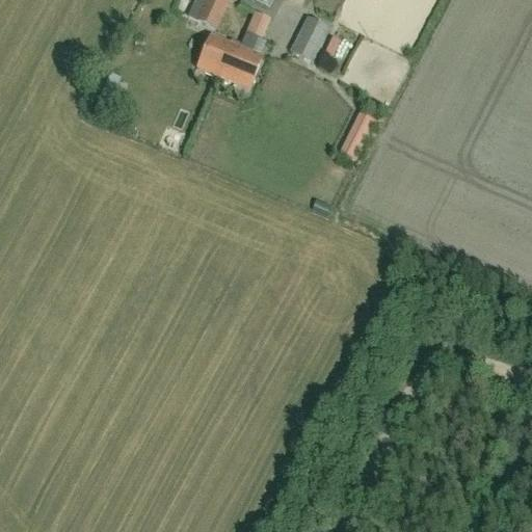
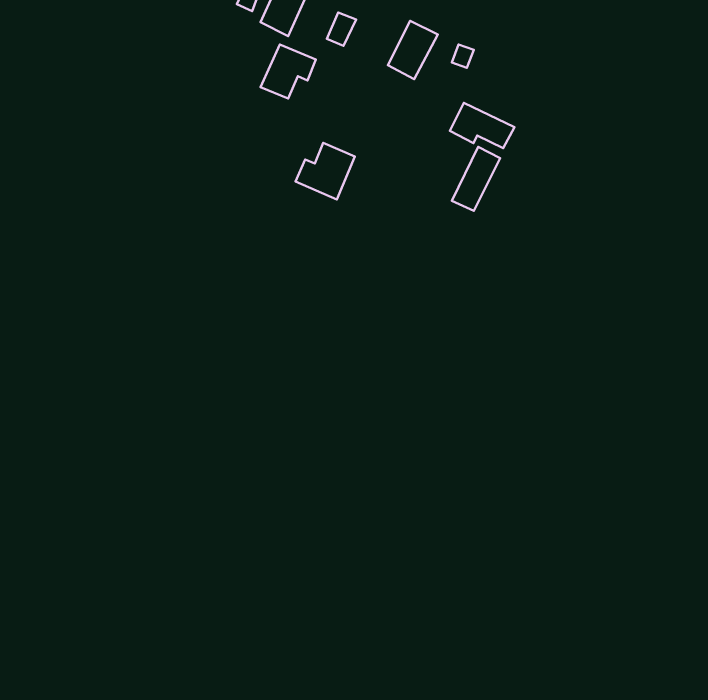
building: [216,45,261,87] -> [295,143,355,200]
building: none -> [450,103,515,148]

